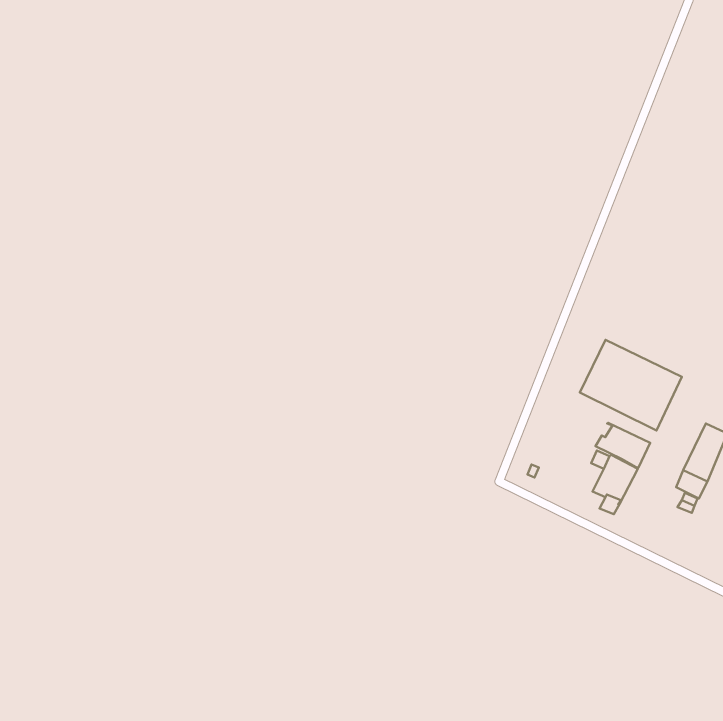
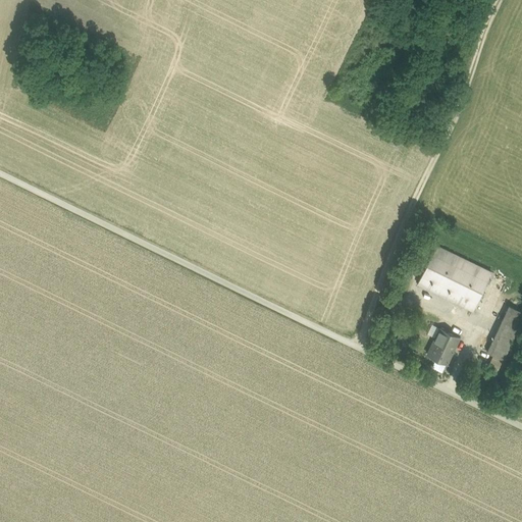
building: [596,423,650,468] -> none

